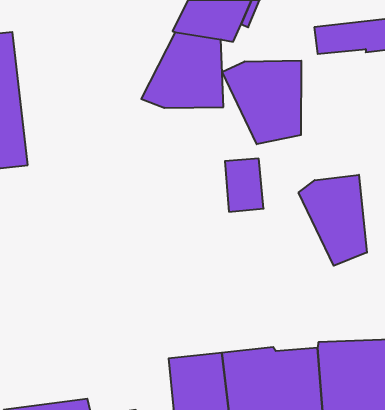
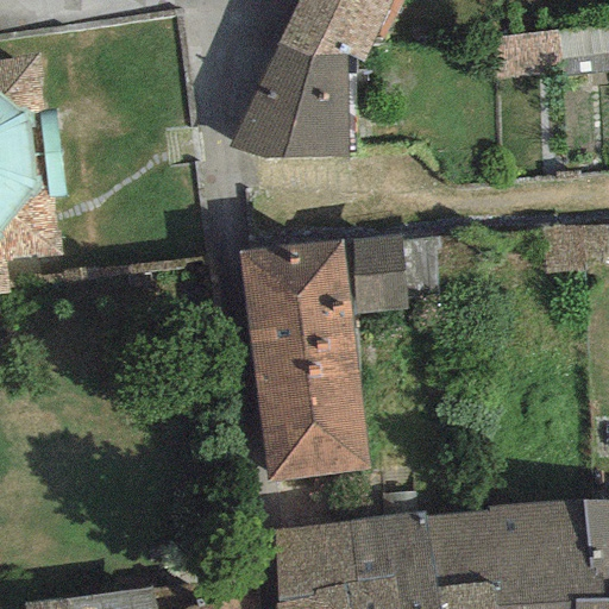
building: [222,61,301,144] -> none
building: none -> [239,240,369,482]
building: [299,175,367,266] -> none

